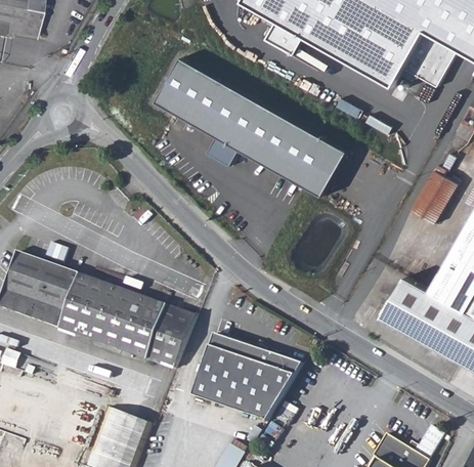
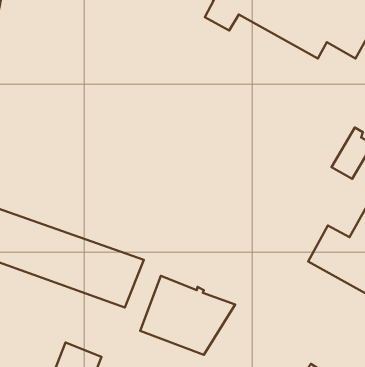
building: [158,61,350,200] -> none

